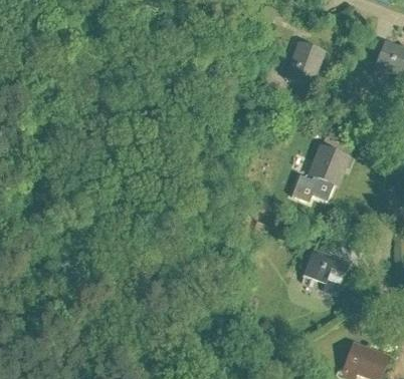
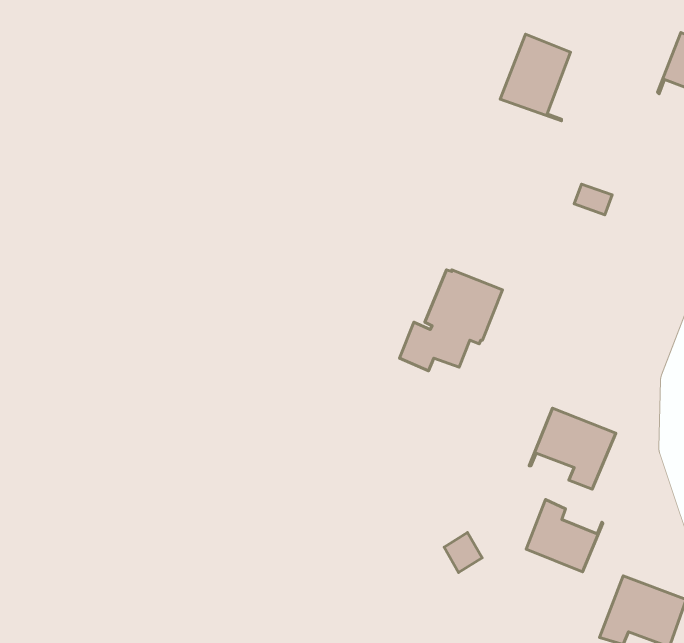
building: [291,144,349,201] -> [399,270,503,371]
building: none -> [526,500,603,572]

